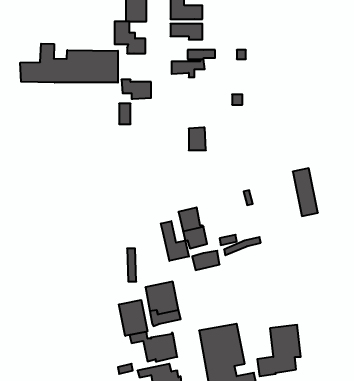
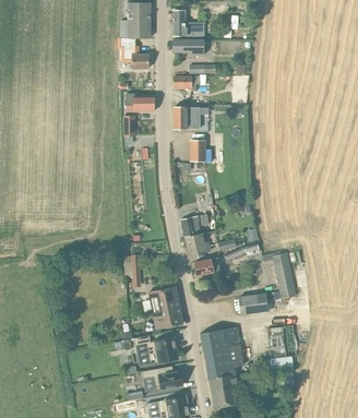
building: [20,44,118,83] -> none
building: none -> [174,106,200,128]
building: [293,168,318,216] -> [272,252,296,298]
building: [161,221,189,261] -> none
building: none -> [238,291,273,314]
building: [119,300,147,336] -> none

